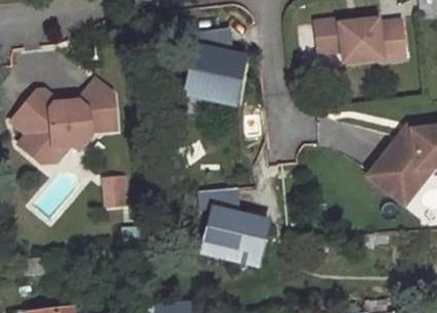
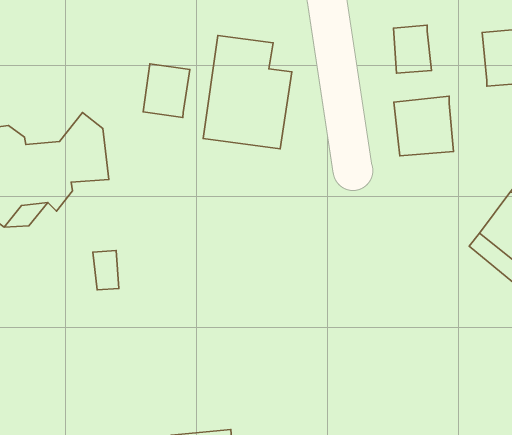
building: [340,18,382,60] -> [394,96,453,156]
building: none -> [143,64,190,118]
building: [195,186,268,266] -> none

